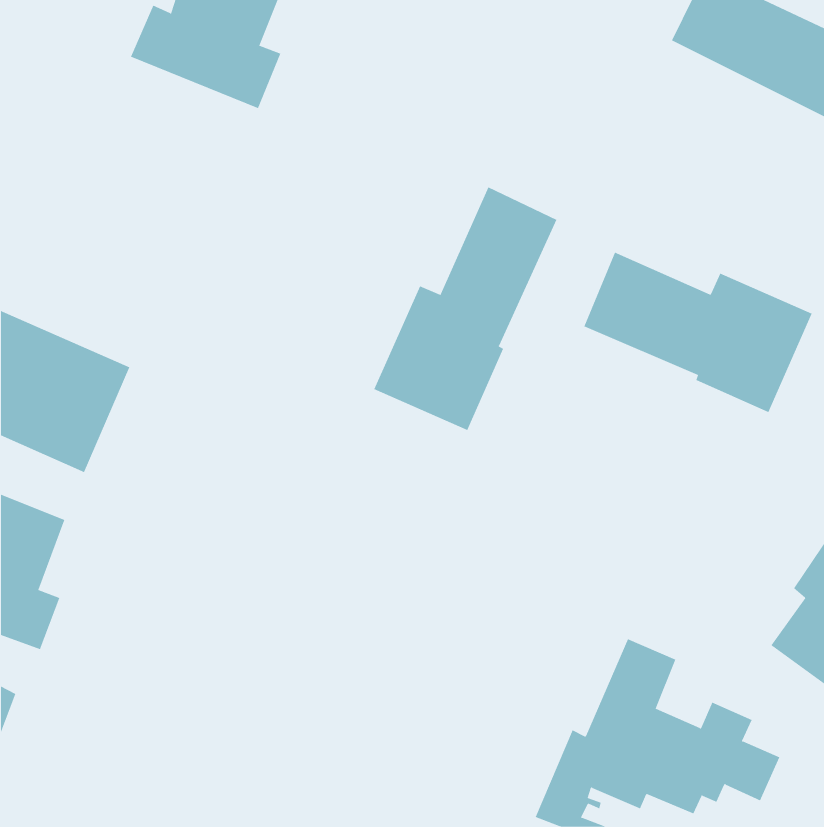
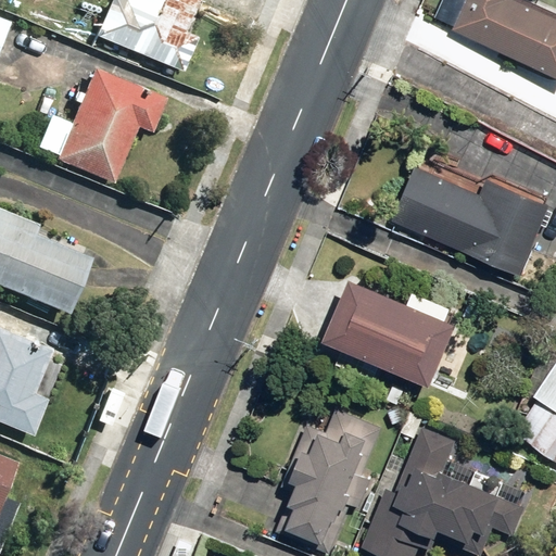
building: none -> [51,63,164,184]
building: [374,186,557,431] -> none
building: none -> [321,282,452,388]
building: none -> [279,412,382,546]

